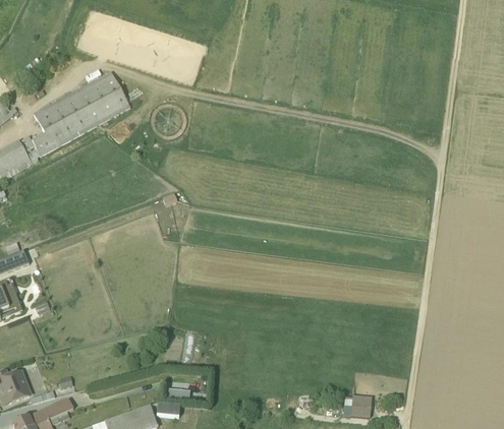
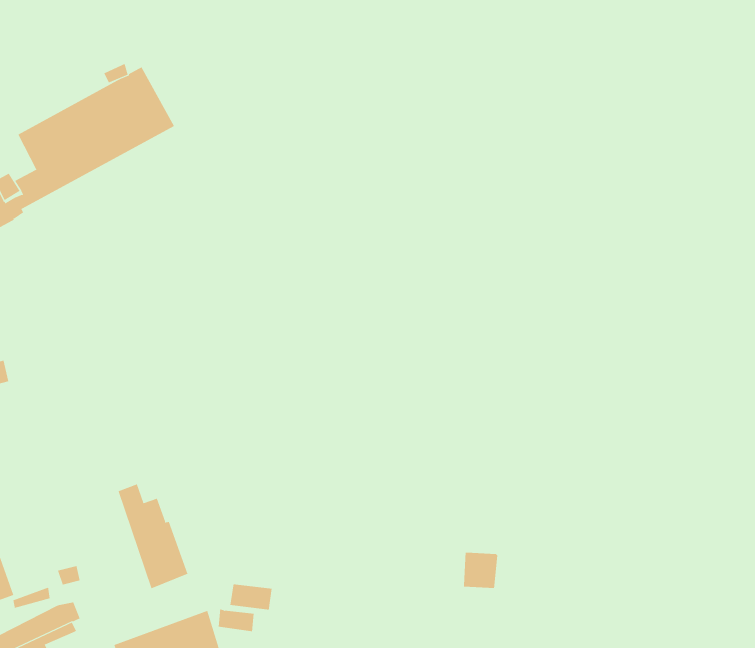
building: none -> [118,484,188,589]
building: [350,394,372,417] -> [463,552,498,589]

